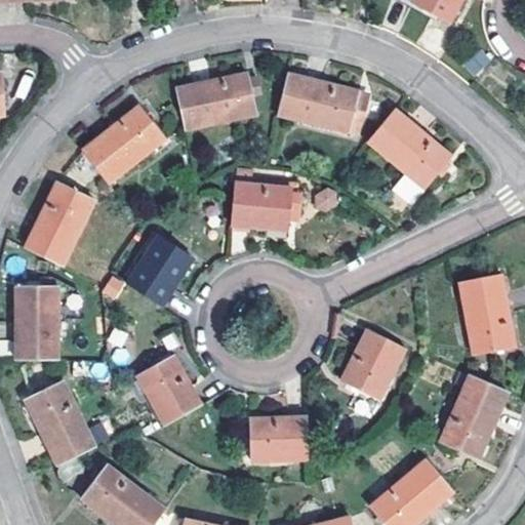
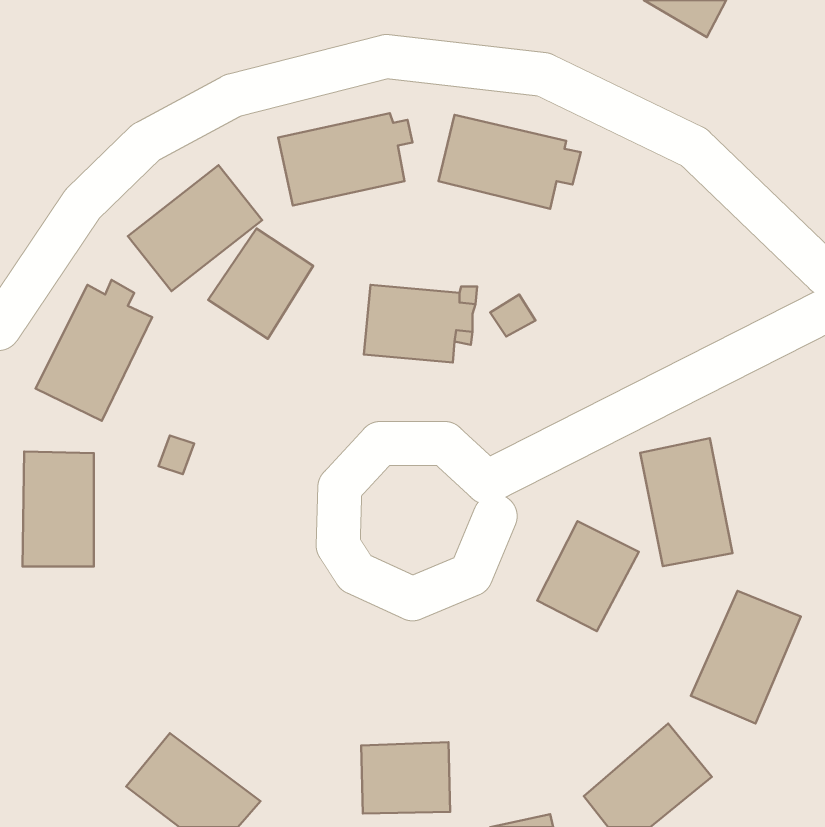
building: [367,109,452,203] -> none
building: [126,236,193,306] -> [208,229,313,339]
building: [457,274,516,355] -> [640,438,733,566]
building: [137,355,201,423] -> none
building: [24,380,96,465] -> none
building: [250,415,307,460] -> [361,742,450,813]

